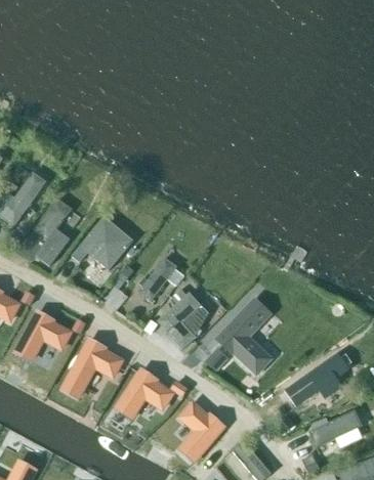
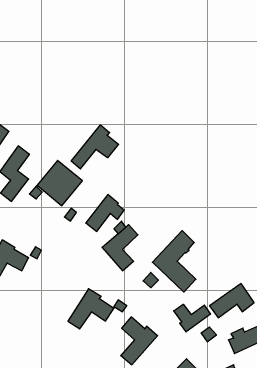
building: none -> [71,125,119,169]
building: [63,339,122,397] -> none
building: none -> [174,304,211,332]

